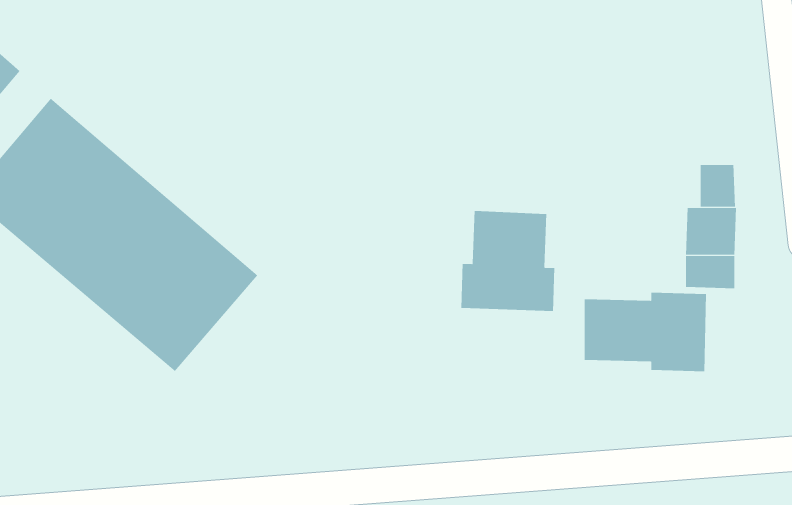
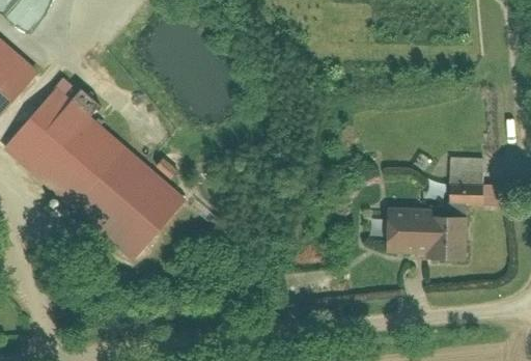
building: [700,164,735,207] -> none
building: [461,210,555,312] -> none

